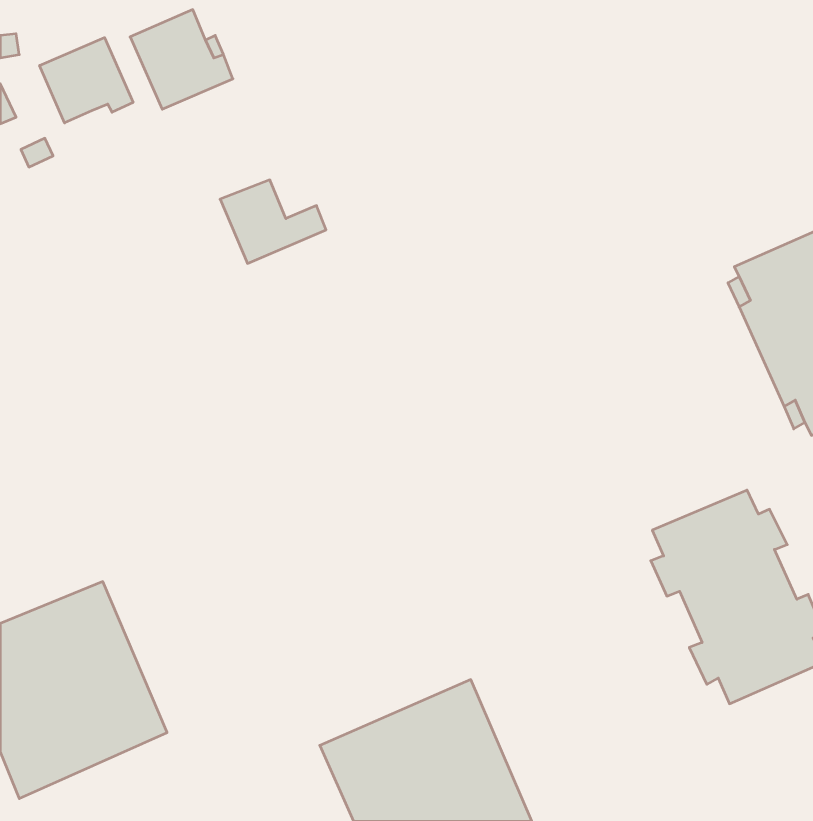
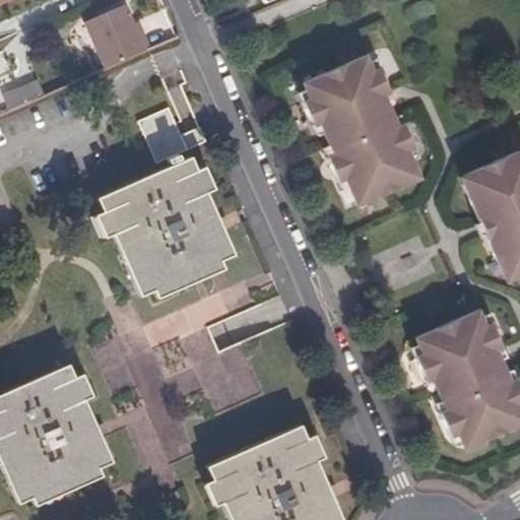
building: [40,38,133,123] -> none
building: none -> [303,53,418,202]
building: none -> [99,160,235,300]

